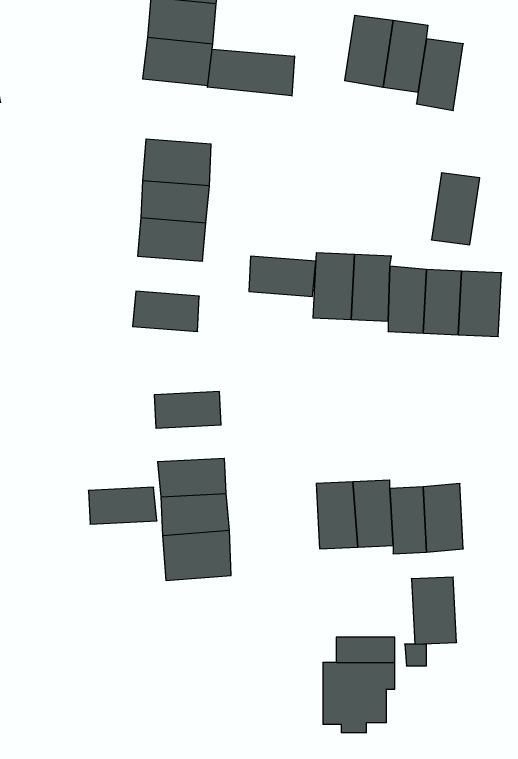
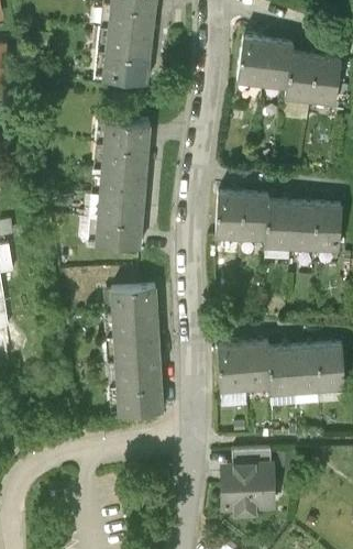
building: [207,49,294,96] -> none
building: [431,173,480,245] -> [308,58,340,106]
building: [249,256,316,296] -> [99,198,143,224]
building: [88,487,157,524] -> [112,309,157,333]
building: [411,577,457,644] -> [312,347,342,391]

